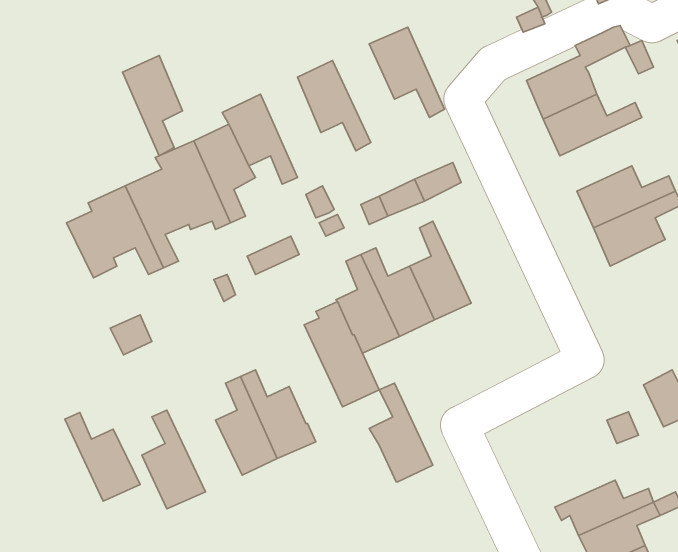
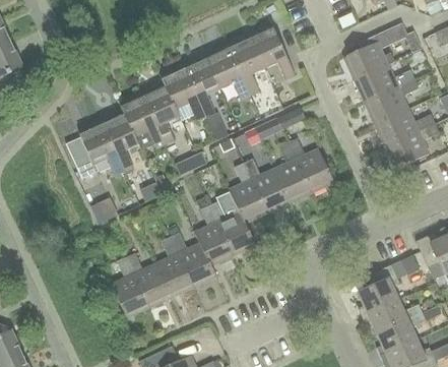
building: none -> [227,35,264,95]
building: [122,55,183,156] -> [183,55,219,116]
building: none -> [365,79,419,124]
building: none -> [287,138,334,192]
building: [369,383,433,482] -> [194,205,233,265]
building: [65,413,140,501] -> [126,253,172,307]
building: none -> [358,264,400,316]

